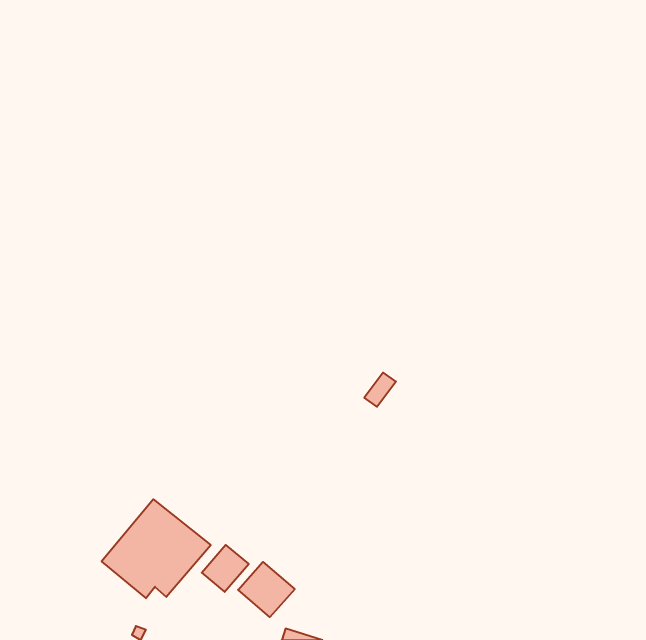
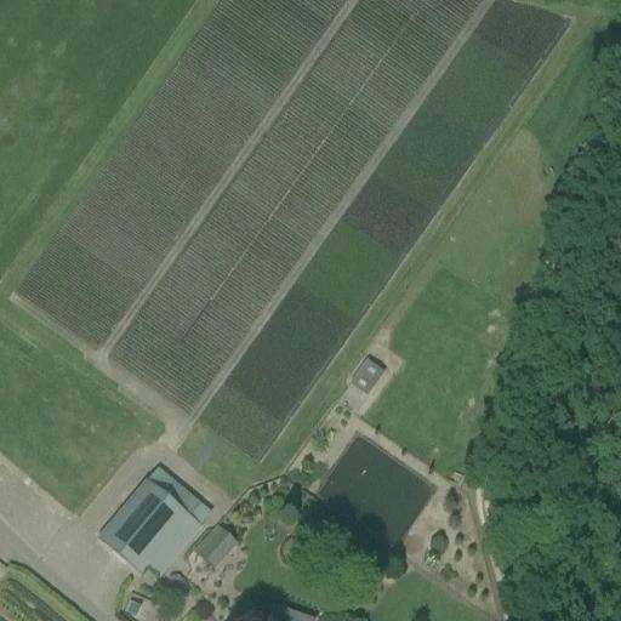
building: [238,562,295,617] -> none

